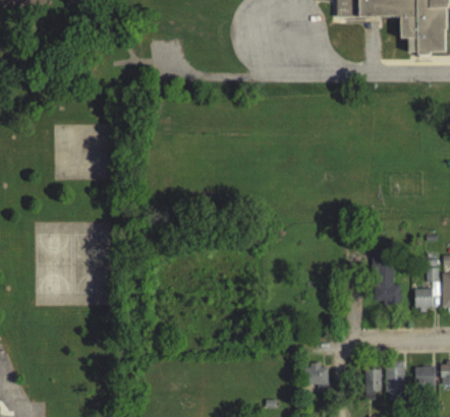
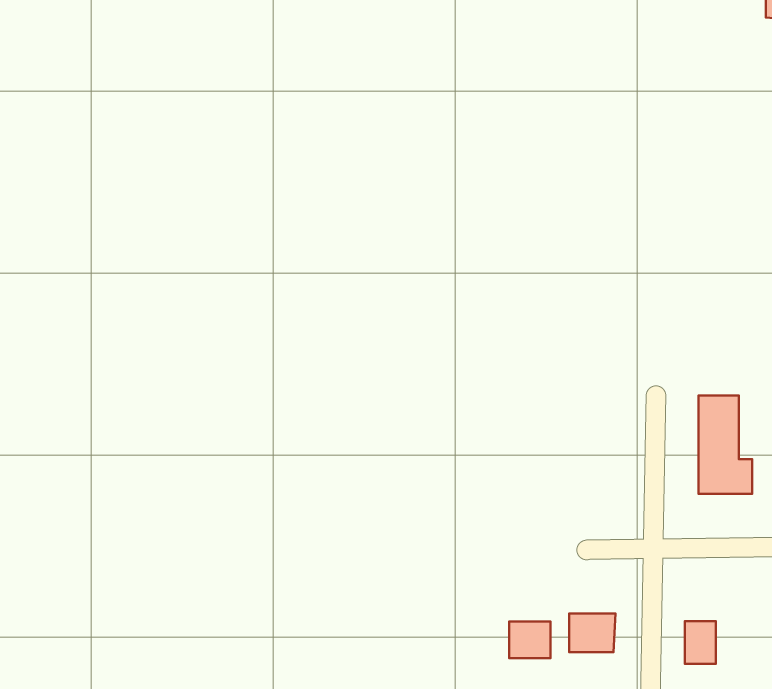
building: [386,362,406,399] -> none
building: none -> [509,621,551,658]

